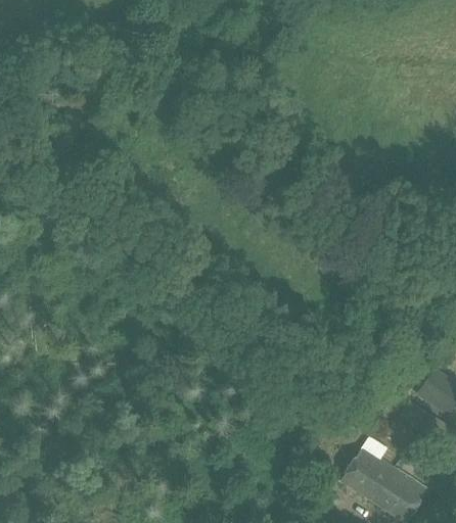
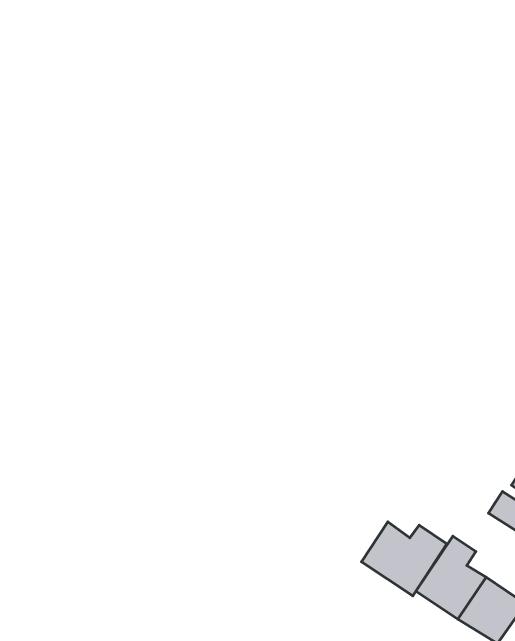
building: none -> [362,522,447,596]

